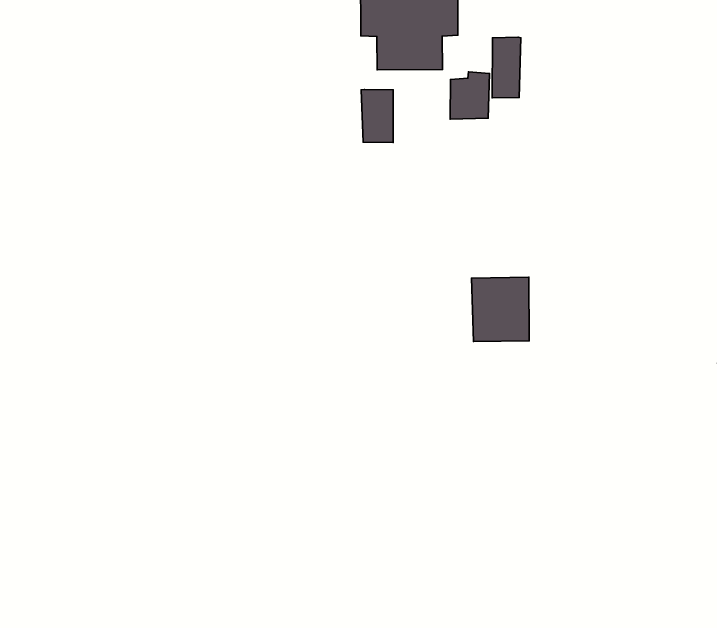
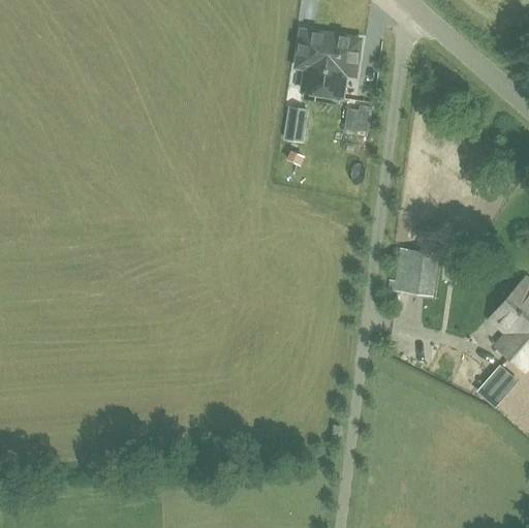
building: [492,37,521,98] -> none
building: [472,277,529,342] -> [396,248,438,294]

